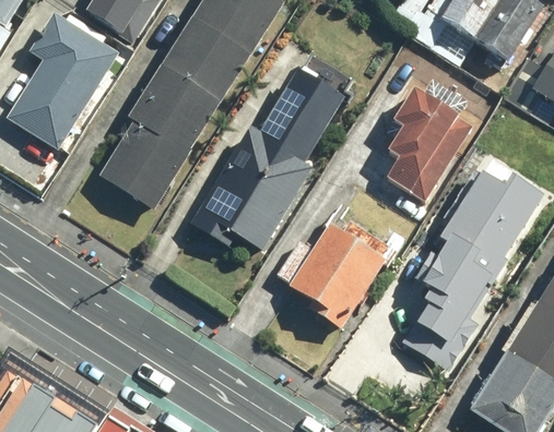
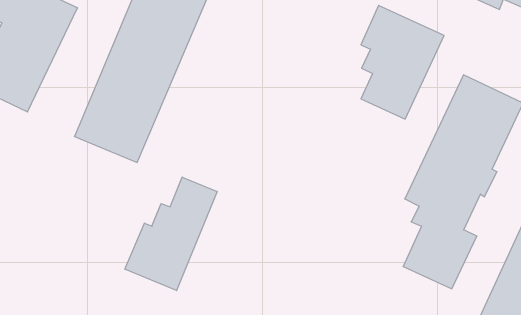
building: [193,73,342,251] -> none
building: [275,217,392,331] -> none
building: none -> [125,177,217,291]

